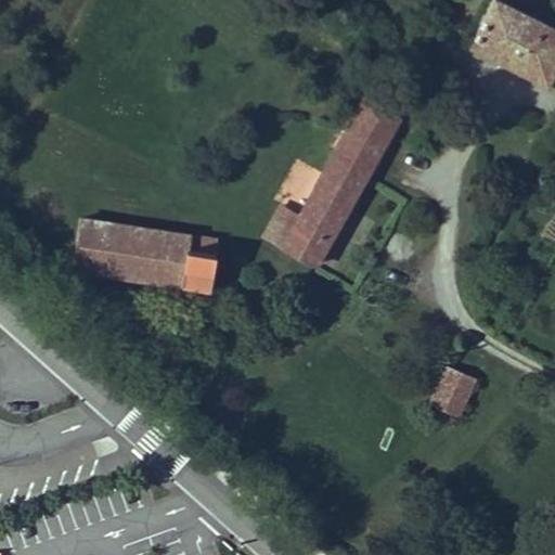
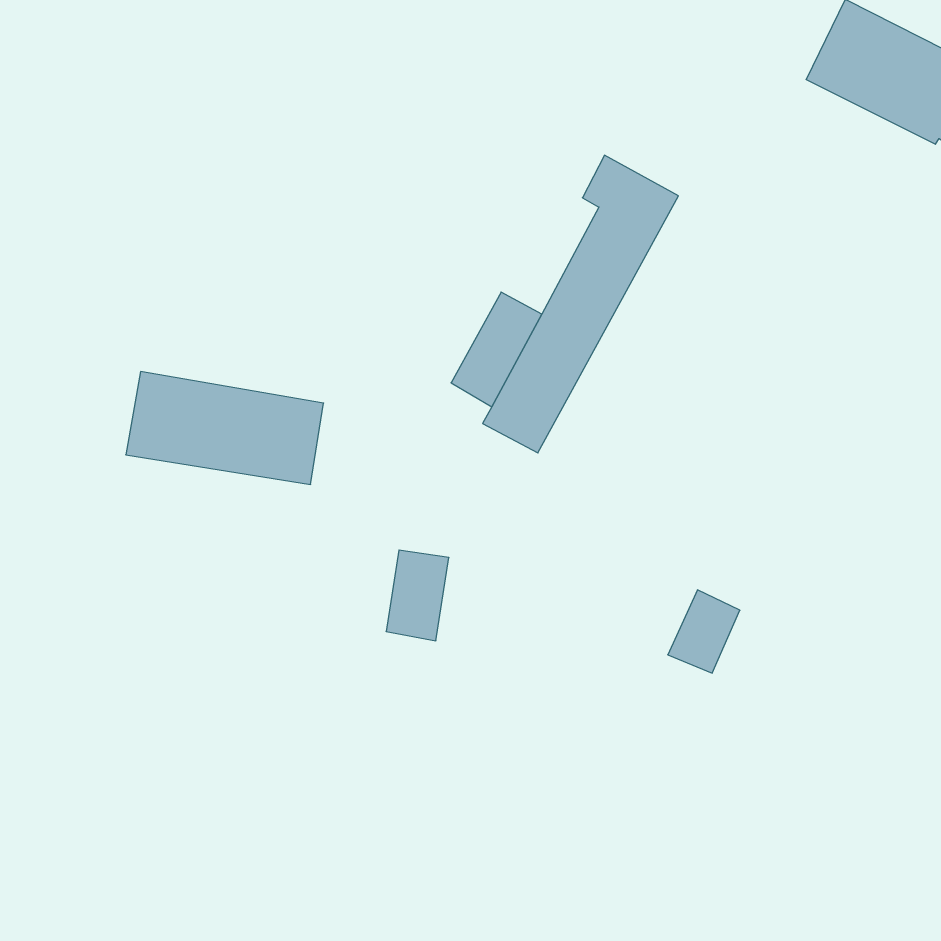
building: [184,238,221,292] -> [386,550,449,641]
building: [434,370,476,418] -> [668,590,740,673]

